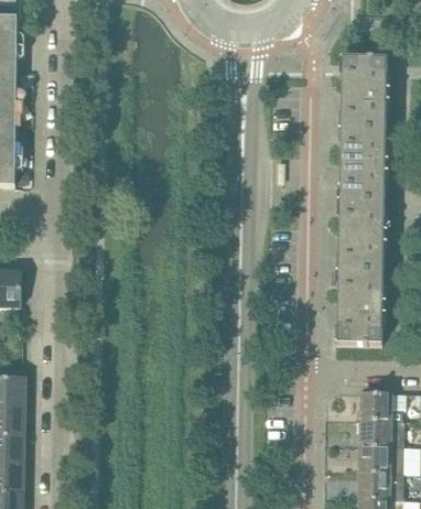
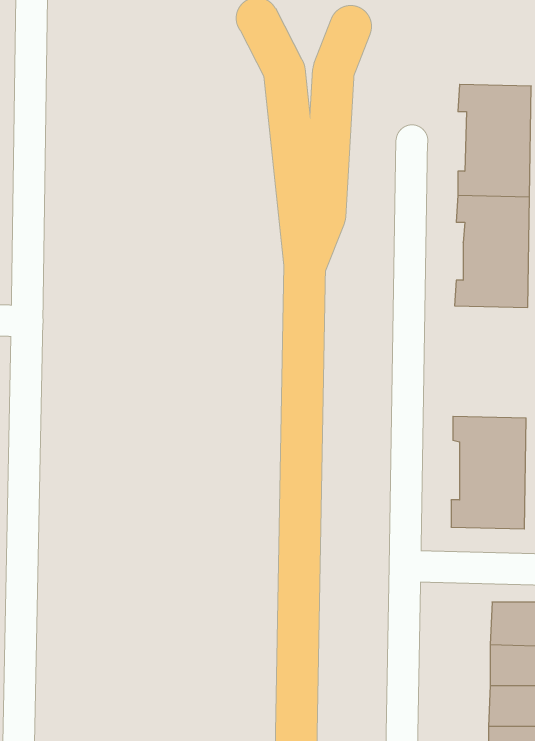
building: [335,202,384,274] -> none

